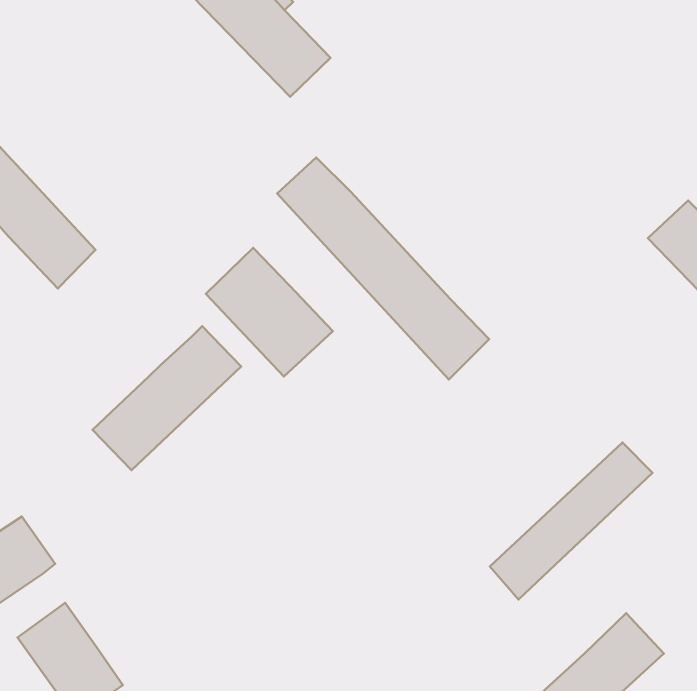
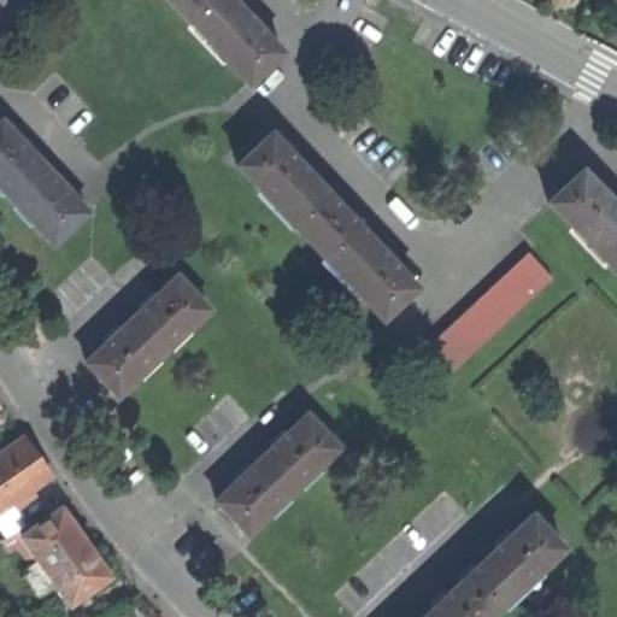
building: [206,248,333,376] -> none
building: [490,442,653,600] -> [418,252,554,383]
building: none -> [218,415,339,534]

